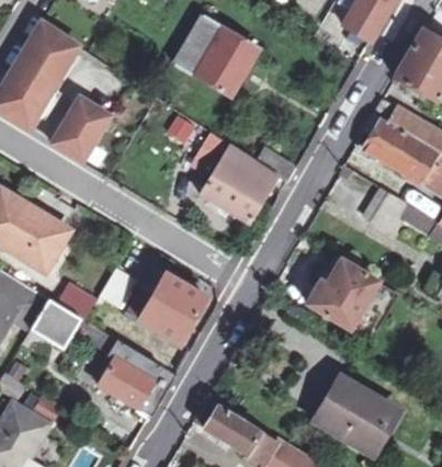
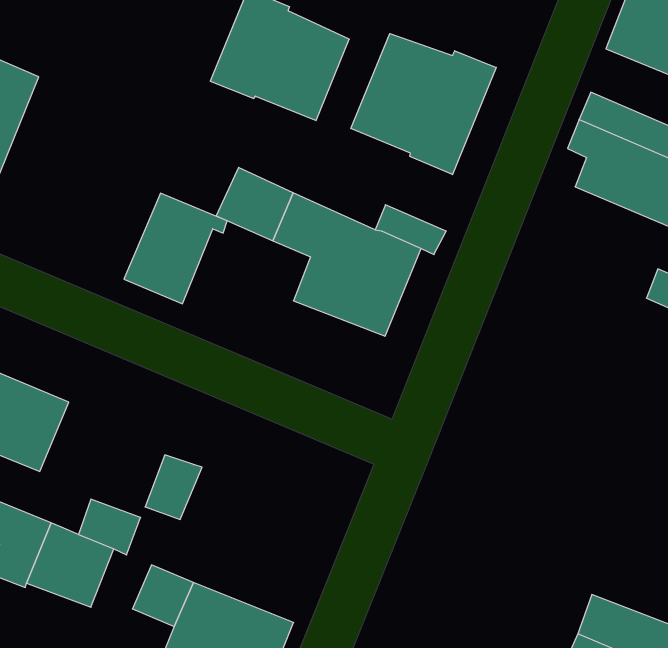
building: none -> [351,34,496,175]
building: [54,98,116,161] -> [124,193,227,304]
building: [364,190,408,234] -> none
building: [311,257,377,328] -> none
building: [128,266,204,339] -> none

